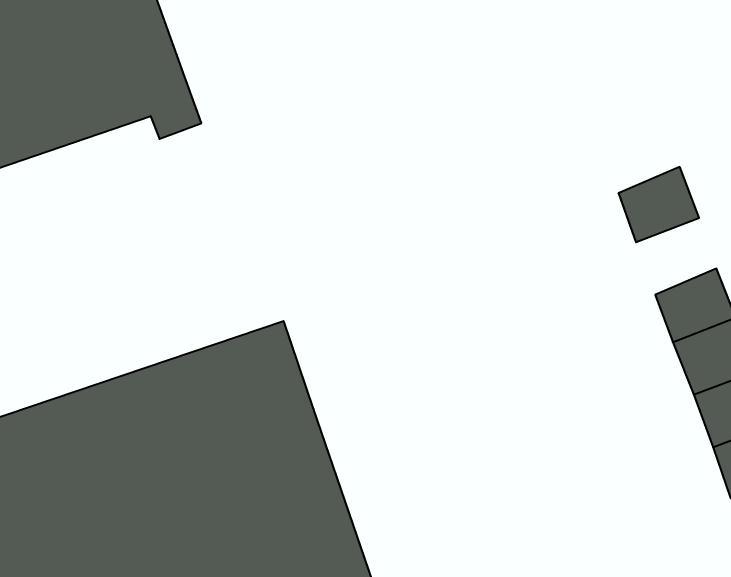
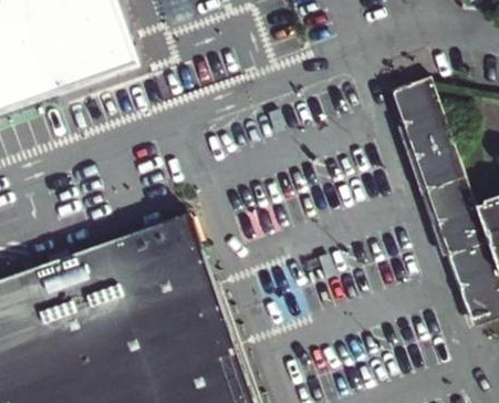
building: none -> [389,78,440,127]
building: none -> [413,143,464,192]

